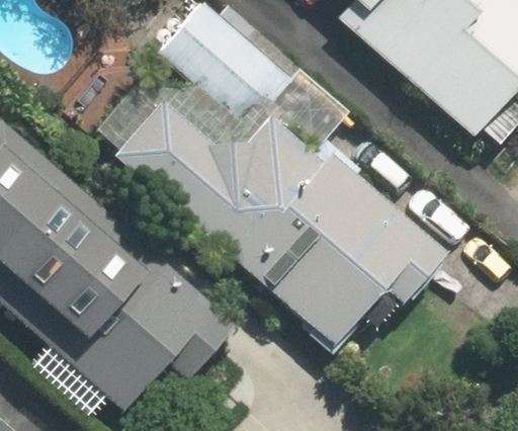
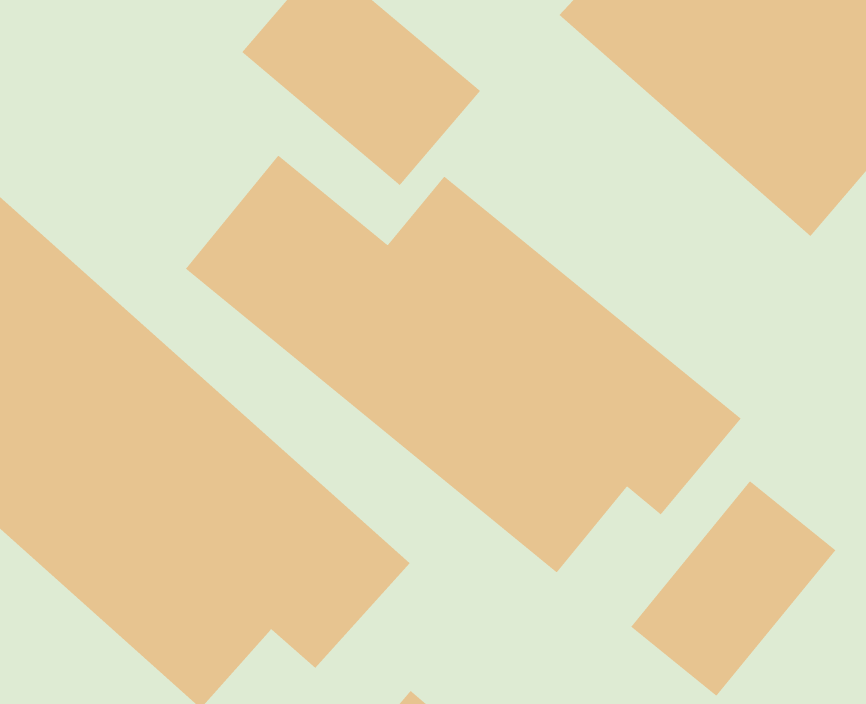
building: none -> [630,480,836,697]

